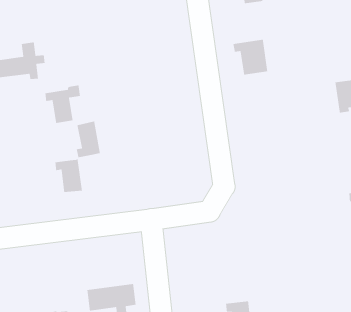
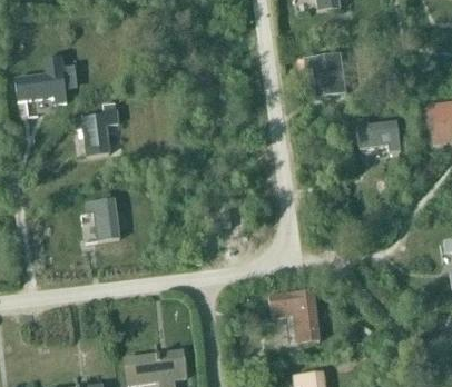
building: none -> [356,117,401,151]
building: [76,121,101,158] -> none
building: none -> [268,289,320,343]

